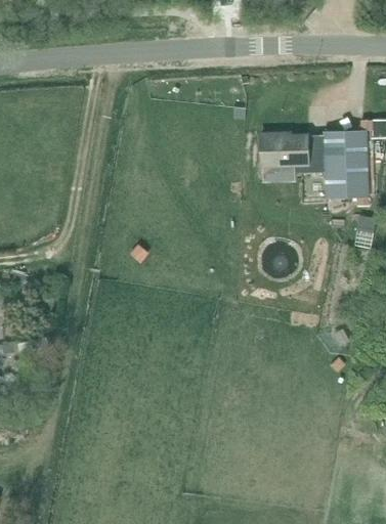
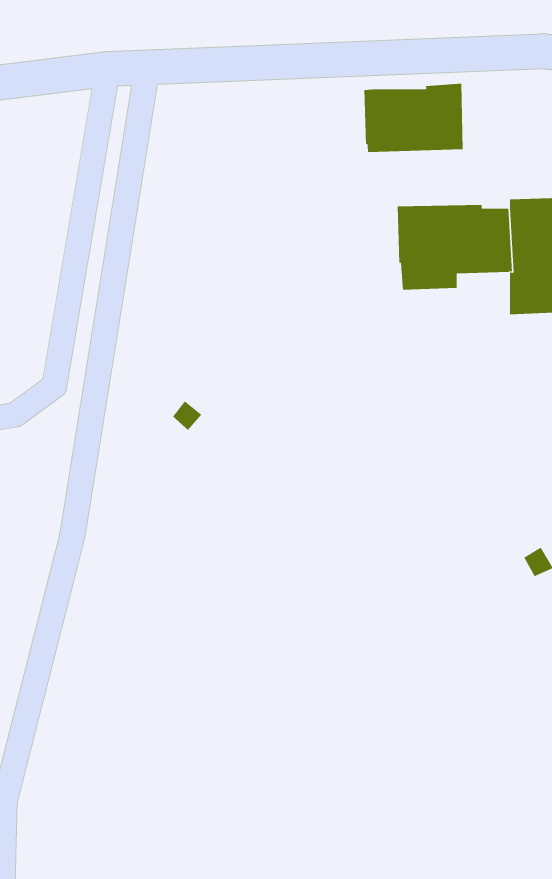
building: none -> [364,83,463,153]

